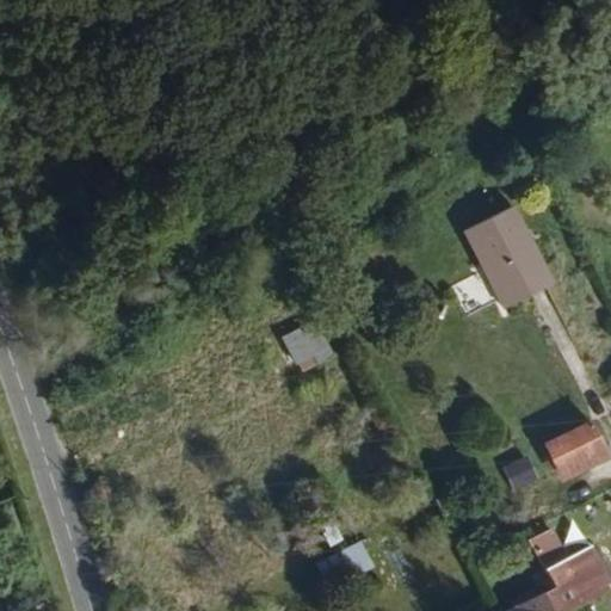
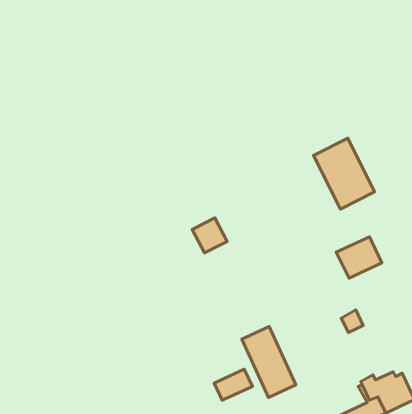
building: [531,421,598,482] -> [336,237,382,278]
building: none -> [242,327,296,397]

